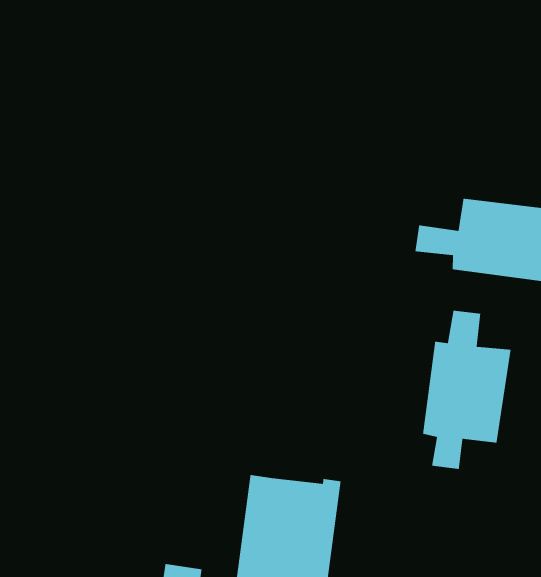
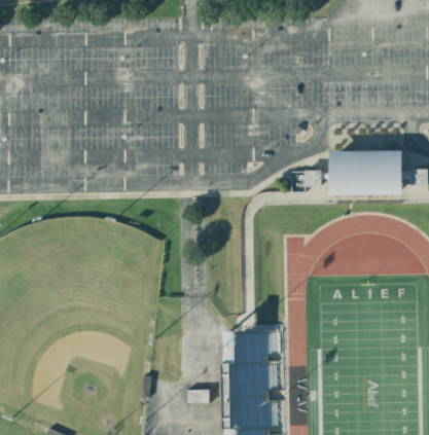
building: [422,310,512,470] -> none

